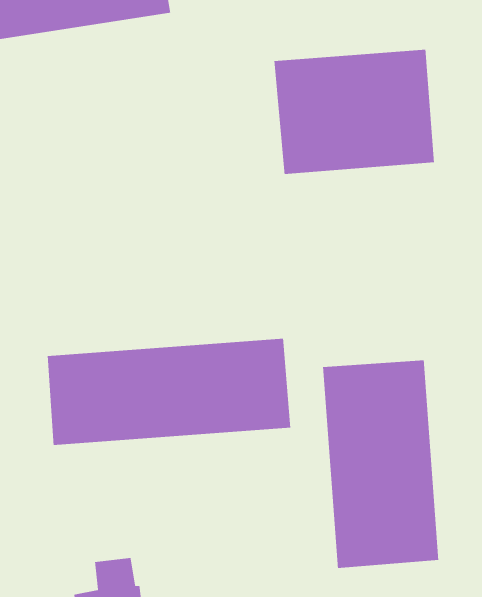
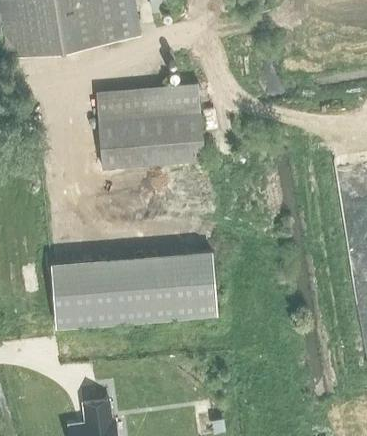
building: [273,49,435,175] -> [94,84,203,169]
building: [322,360,439,569] -> none

